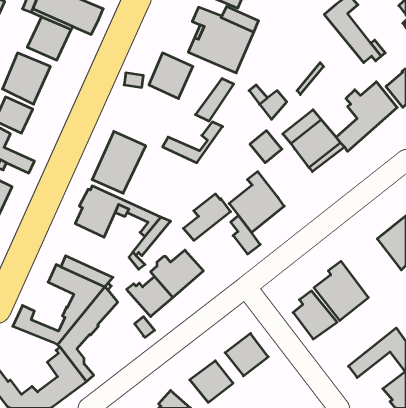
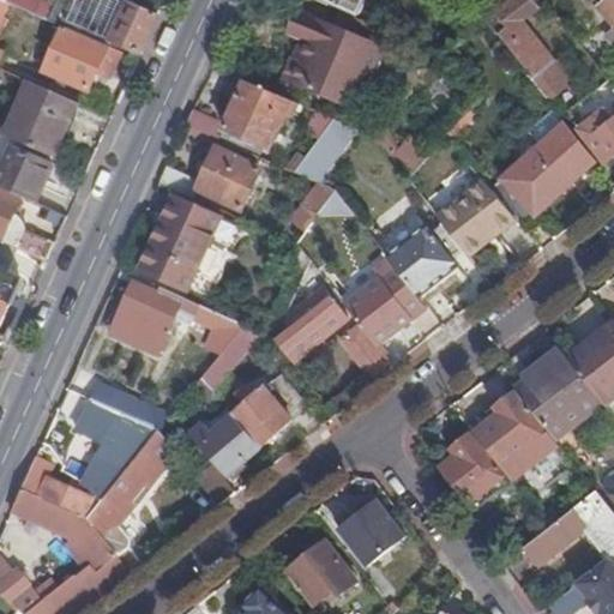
building: none -> [158,148,258,207]
building: none -> [386,223,460,295]
building: none -> [513,353,598,438]
building: none -> [10,488,79,535]

